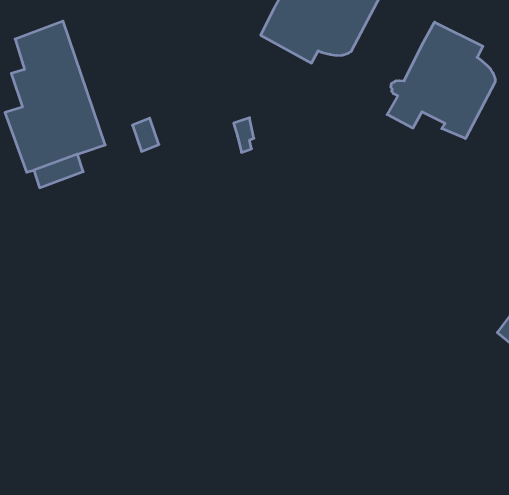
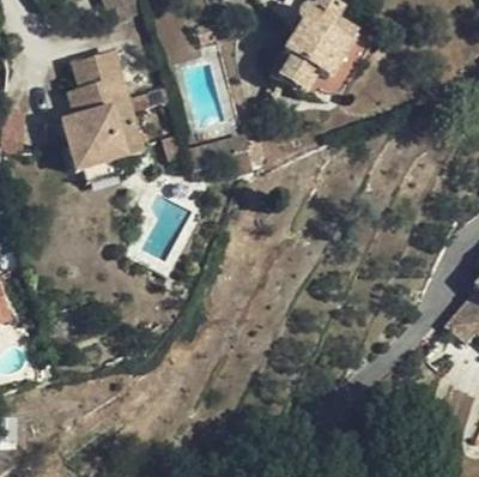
building: [387,22,495,139] -> none

